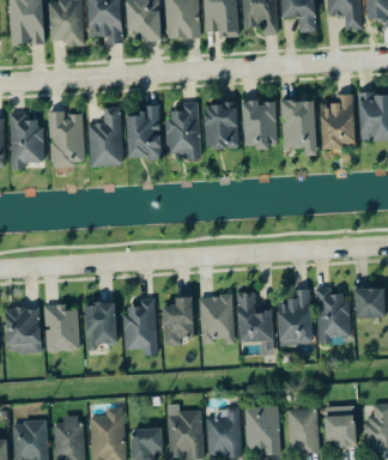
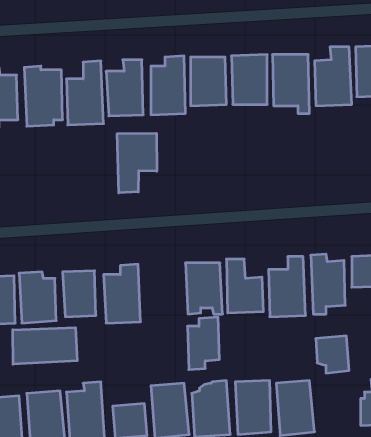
building: none -> [117,133,157,193]
building: [164,297,194,346] -> [187,317,219,370]
building: none -> [13,328,77,364]
building: [326,414,357,449] -> [316,336,349,373]

